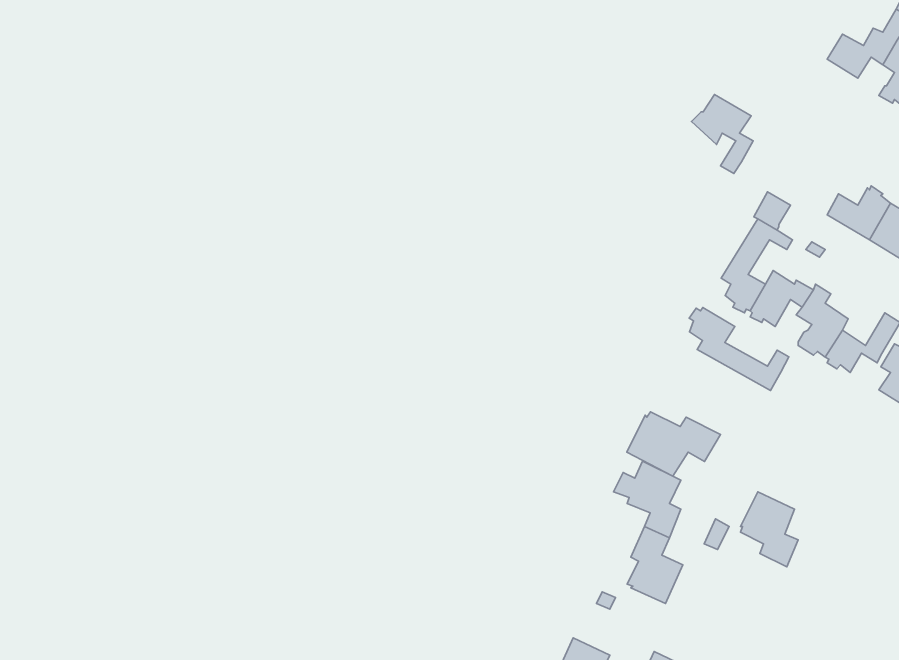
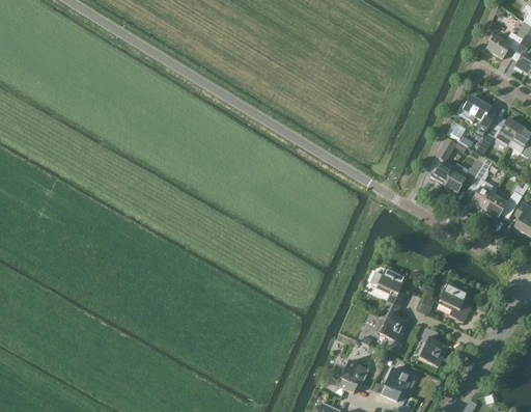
building: [692,95,753,173] -> [459,95,493,138]
building: [689,308,789,390] -> none
building: [627,412,721,476] -> none
building: none -> [420,327,448,365]

